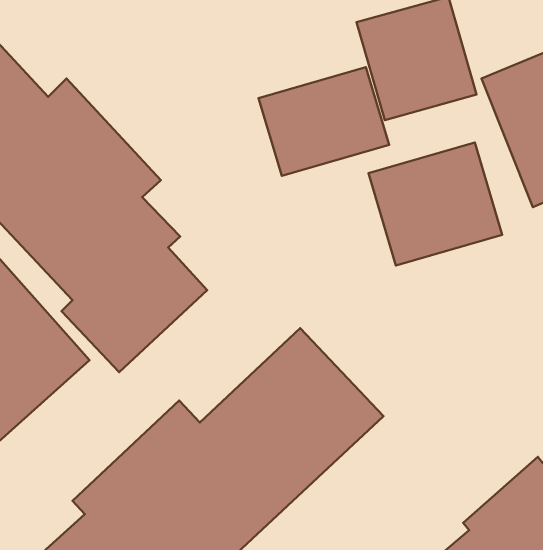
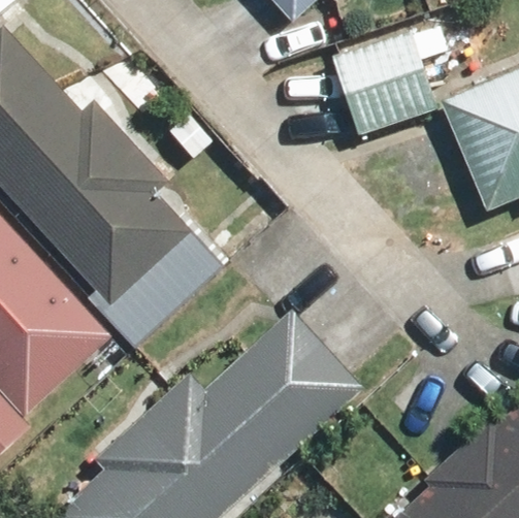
building: [259,67,389,176] -> none
building: [369,143,502,265] -> none

